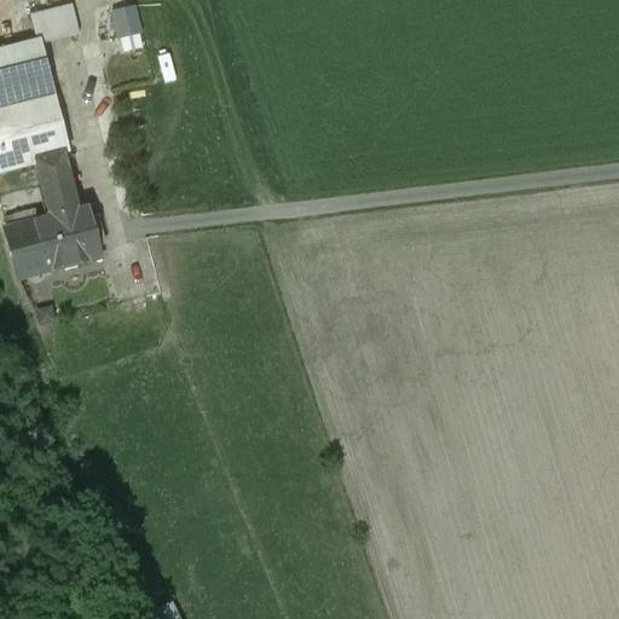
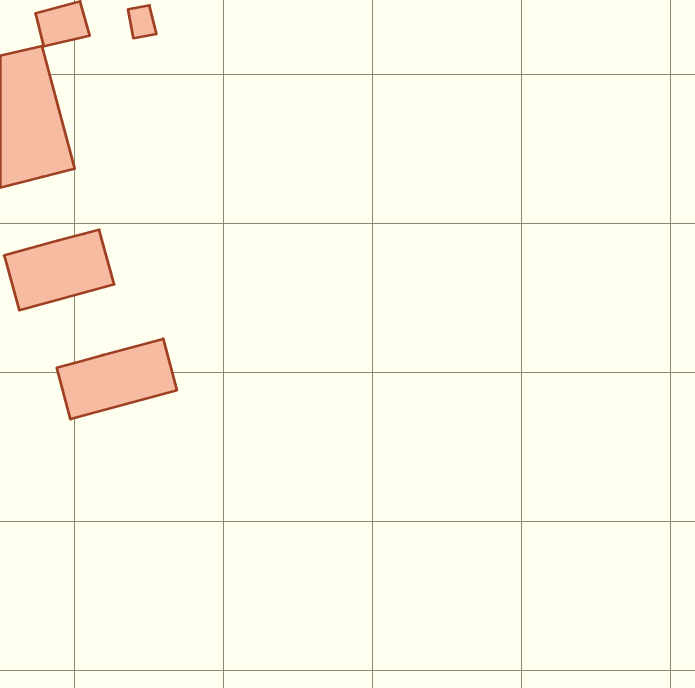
building: [37,151,75,214] -> none
building: none -> [57,339,177,419]

